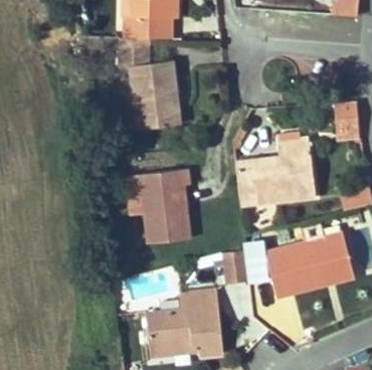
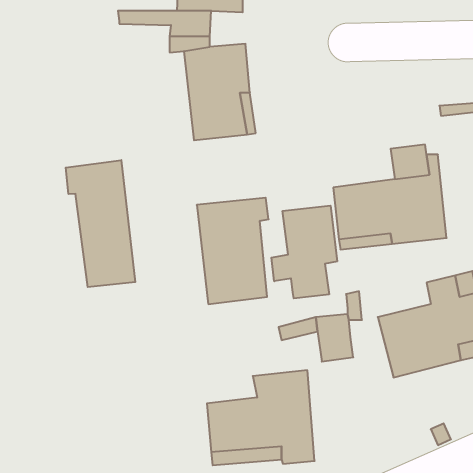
building: none -> [66,160,135,287]
building: none -> [271,206,337,298]

